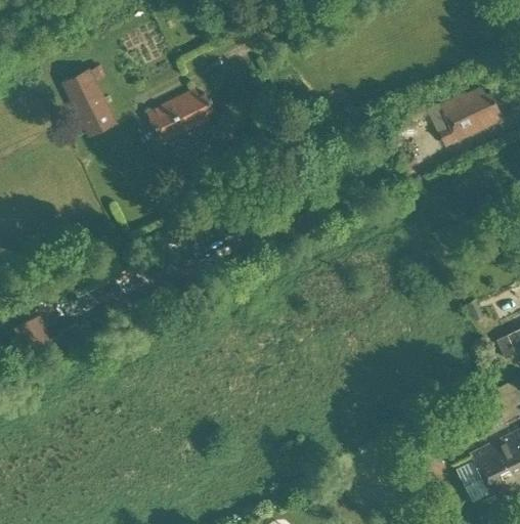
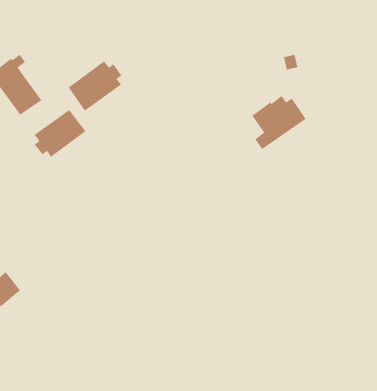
building: [438,87,502,145] -> [251,95,307,150]
building: none -> [34,109,86,158]

